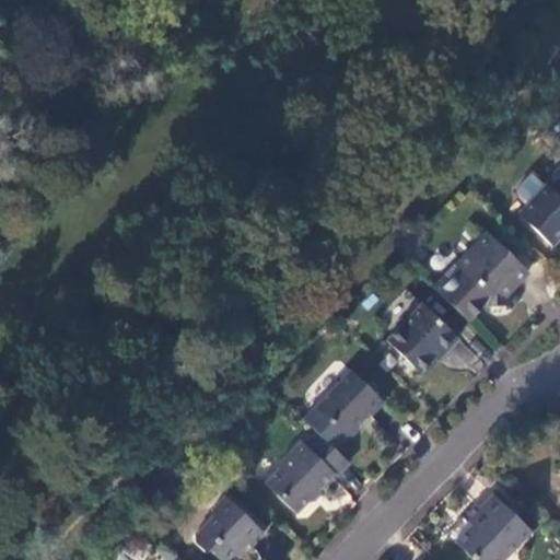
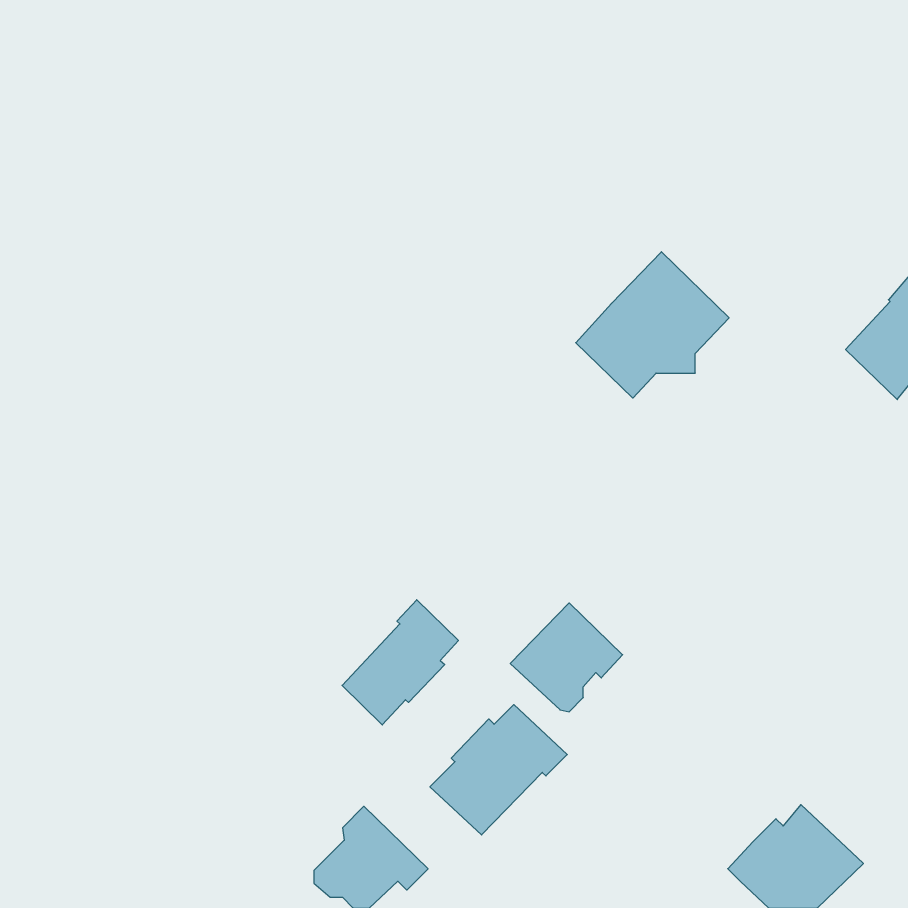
building: [435,231,529,320] -> [576,252,729,398]
building: [387,302,459,372] -> none
building: none -> [342,600,458,725]

